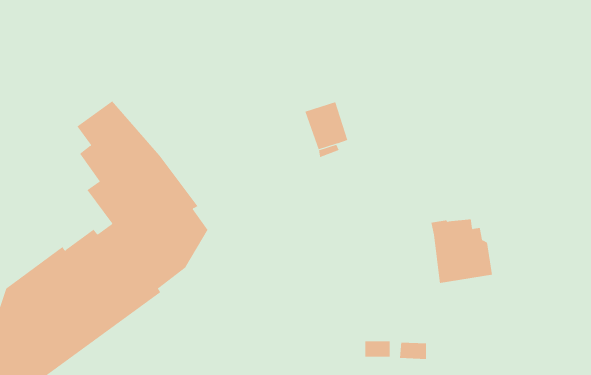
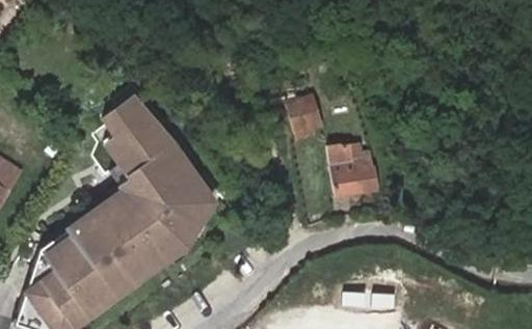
building: [431,219,493,283] -> [332,144,384,198]

